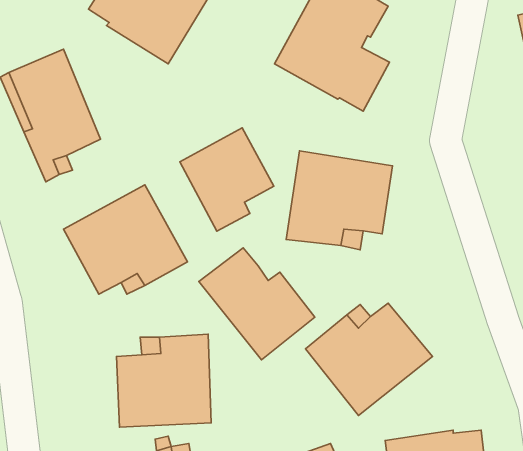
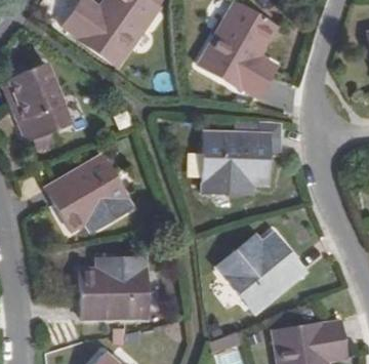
building: [180,128,274,231] -> none
building: [199,248,315,360] -> none

